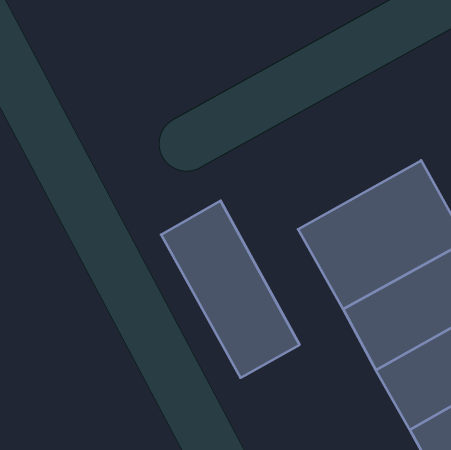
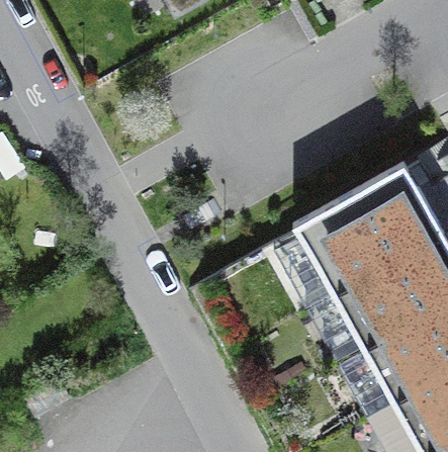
building: [161,201,299,378] -> none

